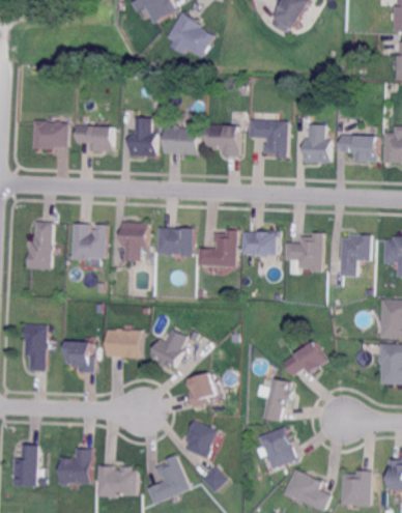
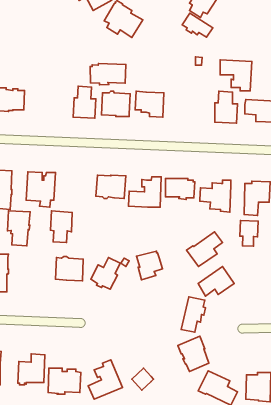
building: none -> [182,13,213,37]
building: none -> [90,63,126,85]
building: [249,119,288,158] -> [220,60,252,91]
building: [75,124,112,150] -> none
building: [120,221,147,260] -> [51,211,72,243]
building: none -> [7,211,30,246]
building: none -> [240,220,258,246]
building: none -> [187,232,222,266]
building: [64,340,94,372] -> none
building: [184,372,217,407] -> [136,251,162,280]
building: [183,420,217,458] -> none

